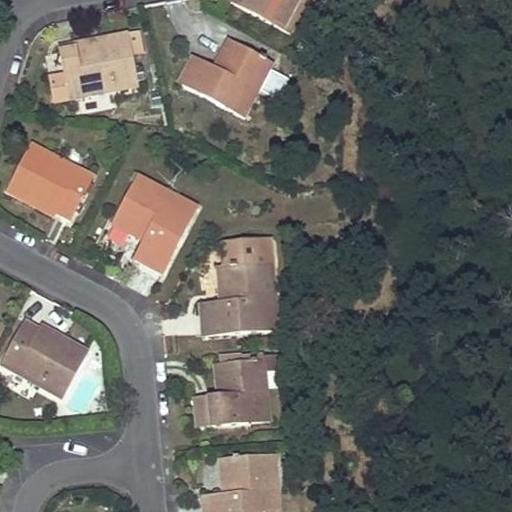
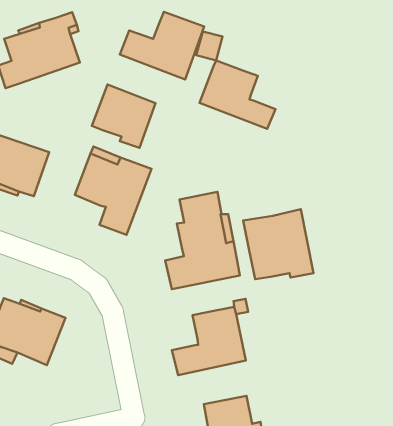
building: none -> [199,60,276,129]
building: none -> [92,85,155,148]
building: none -> [243,209,313,279]

